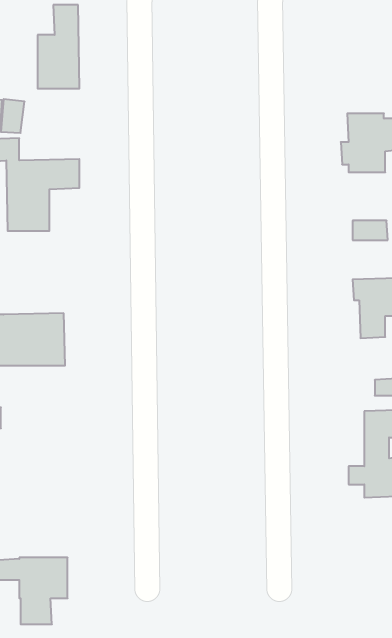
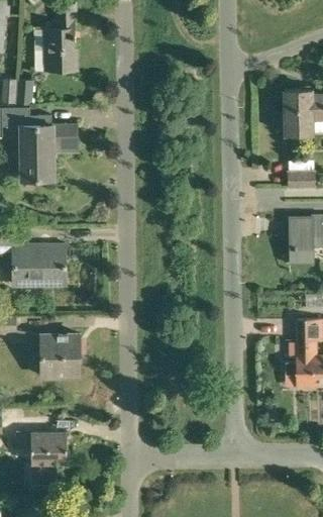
building: none -> [39,334,79,376]

